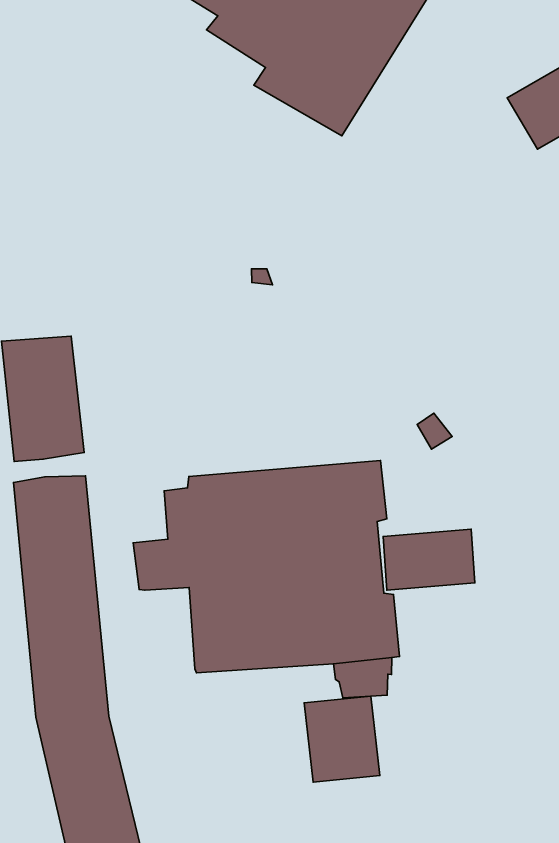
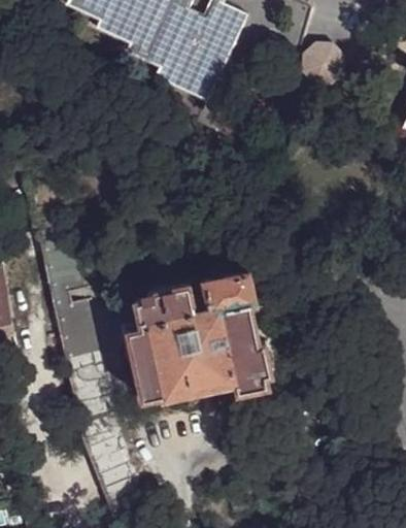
building: [383,529,475,590] -> none
building: none -> [130,350,162,396]
building: [304,696,380,782] -> none

